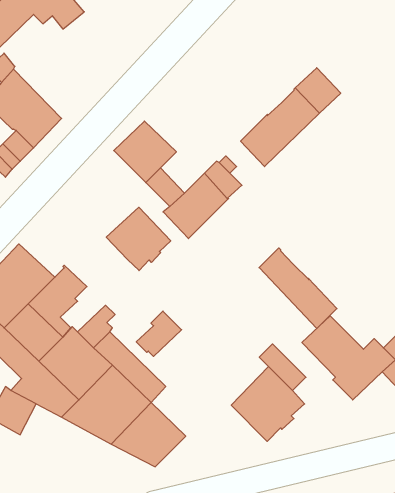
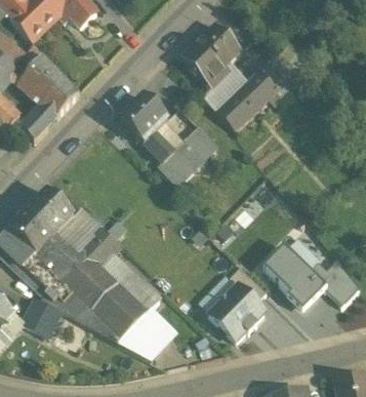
building: none -> [180,24,247,111]
building: [106,207,171,271] -> none
building: [259,248,337,328] -> none
building: [136,311,182,356] -> [77,223,112,257]

